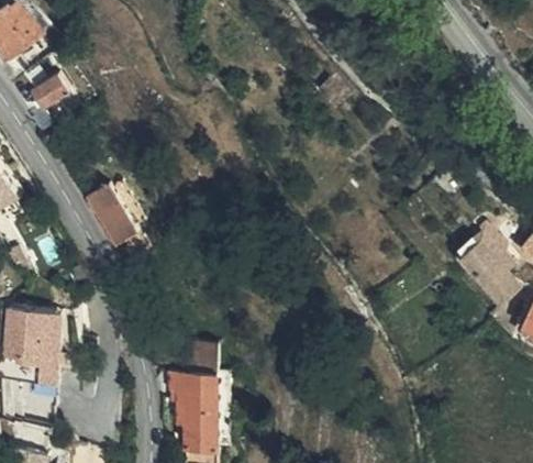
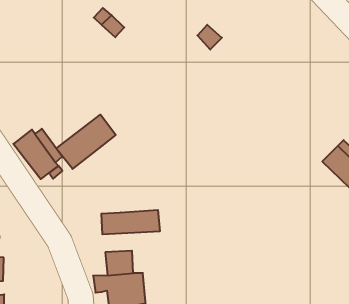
building: none -> [56,115,116,169]
building: none -> [101,210,160,234]

